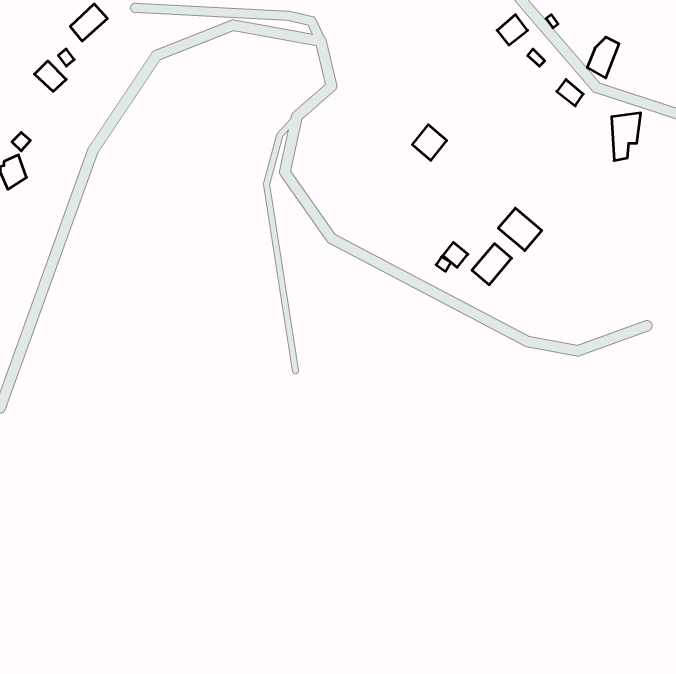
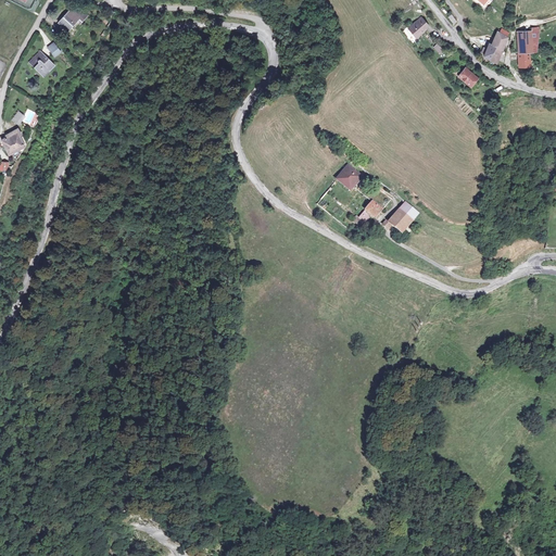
building: [612,113,641,161] -> [517,27,541,66]
building: [412,125,447,160] -> [336,162,364,191]
building: [498,208,542,251] -> none

